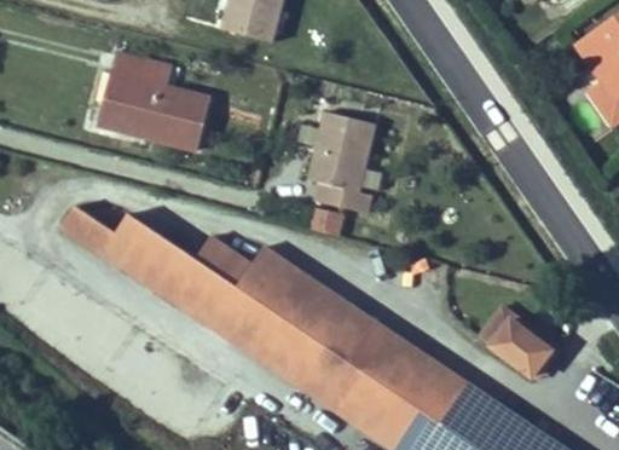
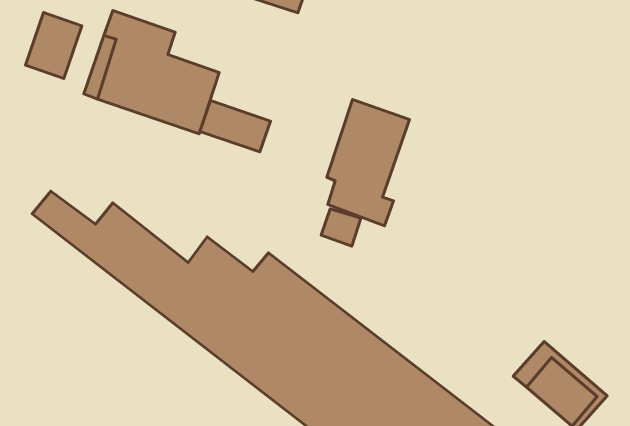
building: none -> [26,12,82,78]
building: none -> [200,101,271,152]

